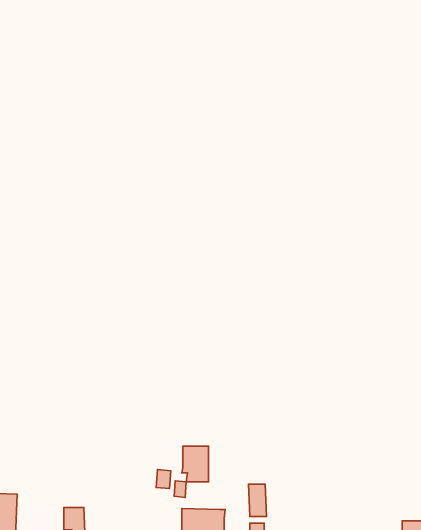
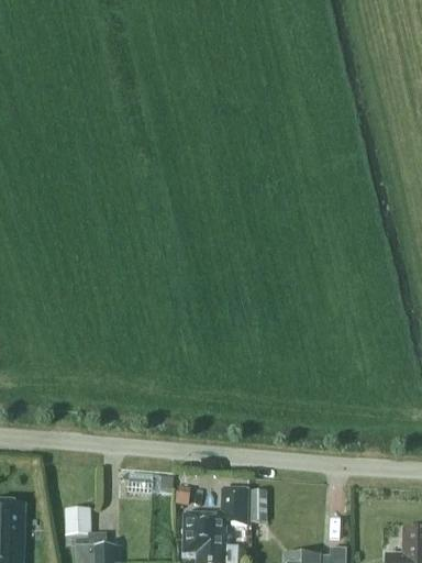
building: [182,446,209,482] -> [221,492,247,527]

